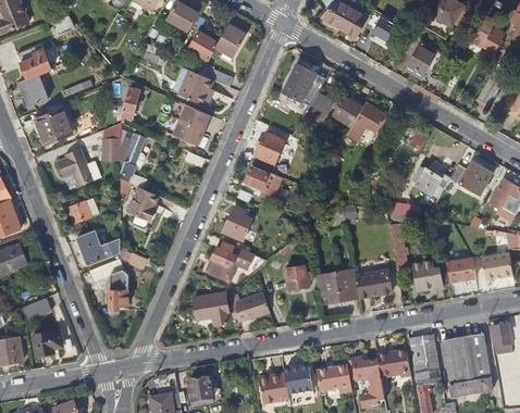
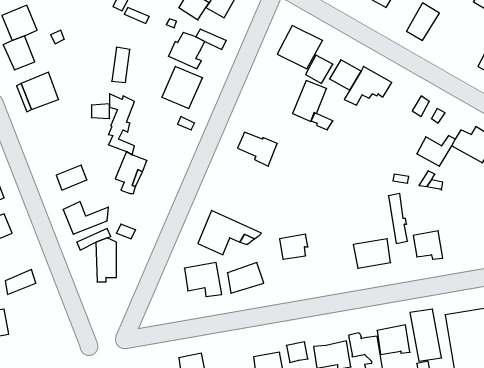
building: [251,132,284,171] -> [293,81,327,121]
building: [60,147,96,185] -> none
building: [222,206,253,240] -> none
building: [447,256,475,280] -> none
building: [315,267,359,300] -> none
building: [33,329,63,353] -> none

